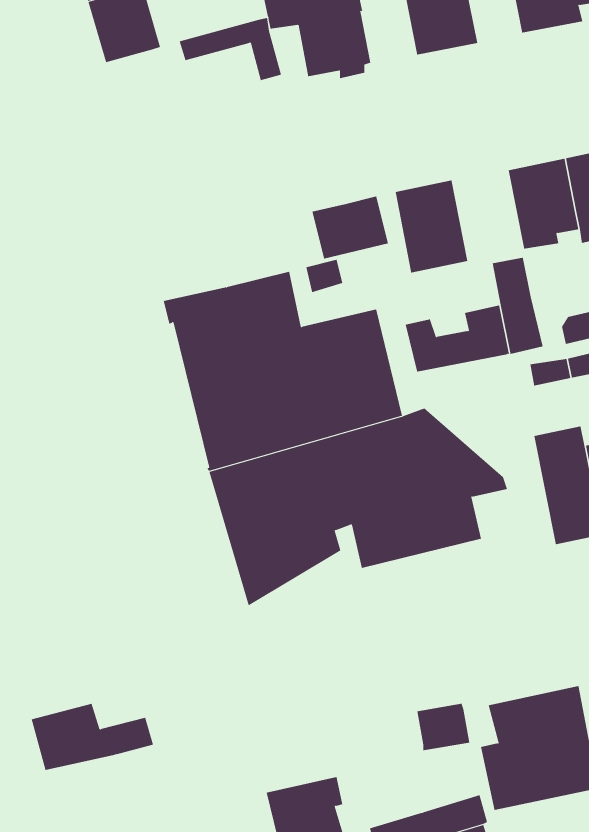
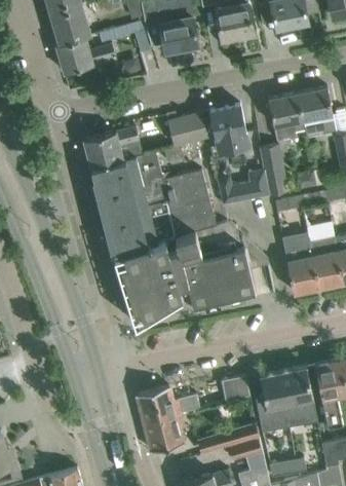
building: none -> [56,37,115,73]
building: none -> [83,127,140,167]
building: [31,703,154,771] -> [137,387,200,422]

